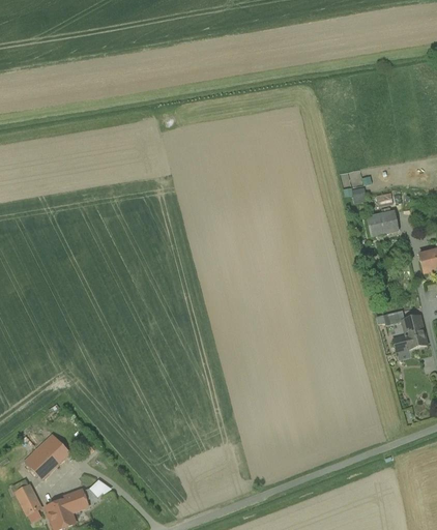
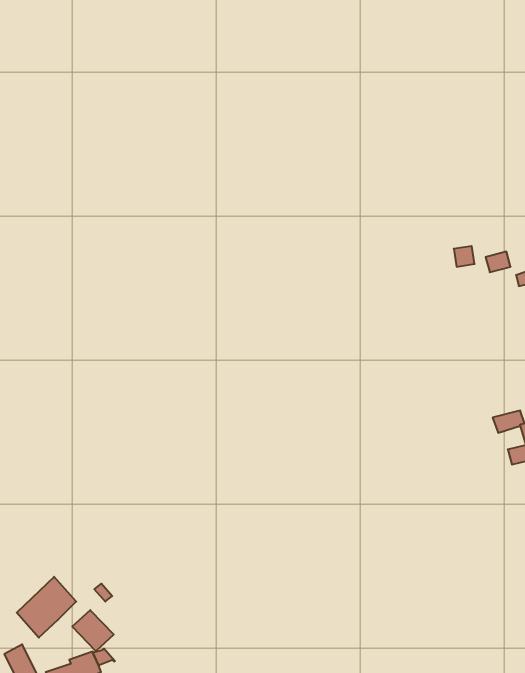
building: [366,211,399,236] -> none
building: none -> [72,610,114,651]

